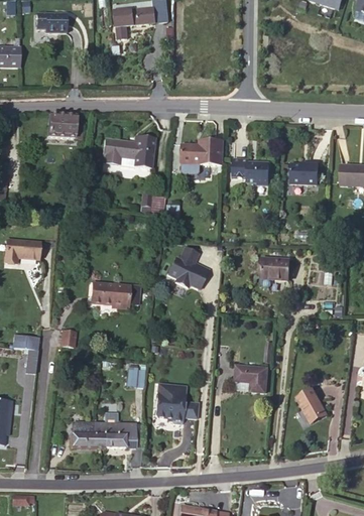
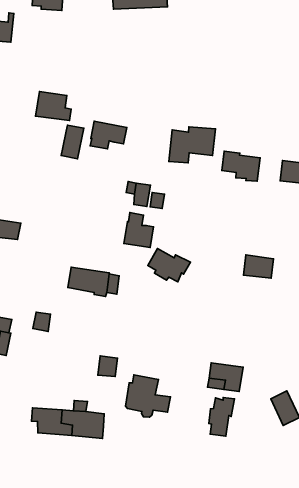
building: [134,136,154,168] -> [61,125,84,159]
building: none -> [124,213,153,248]
building: none -> [209,398,235,436]

